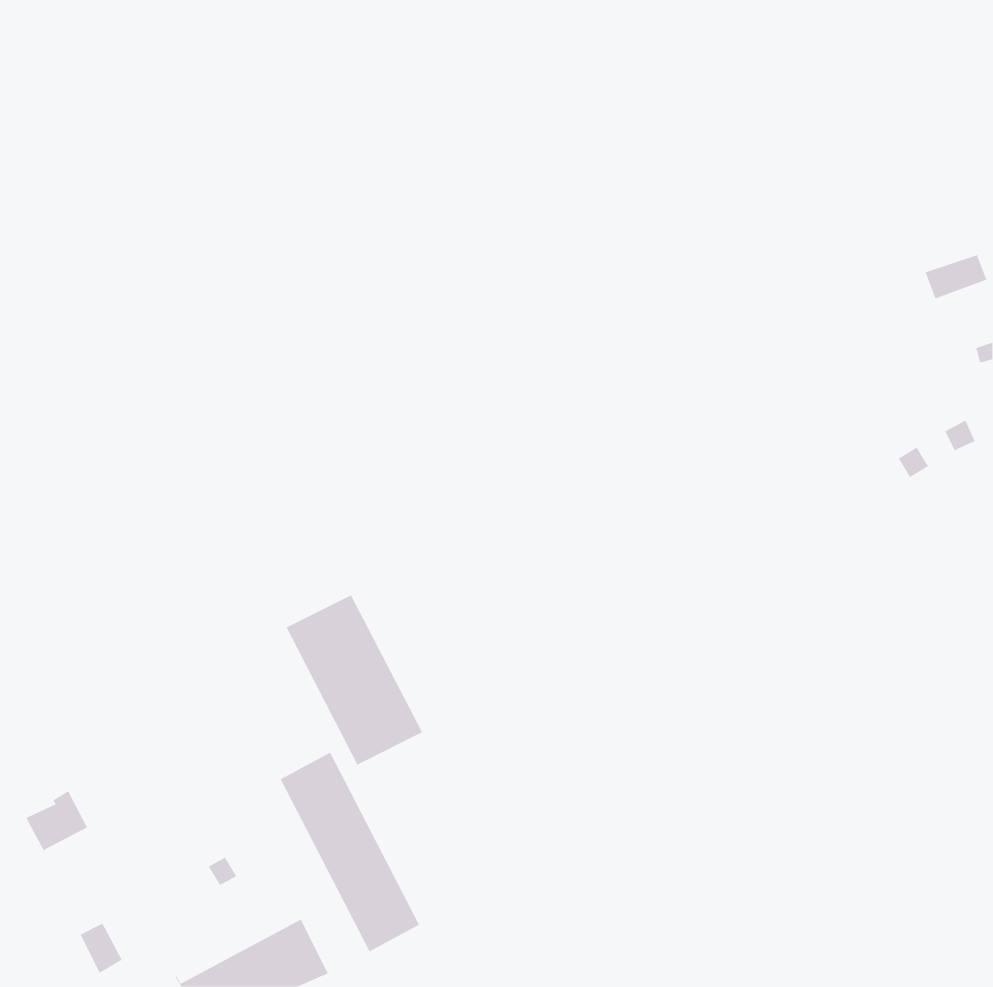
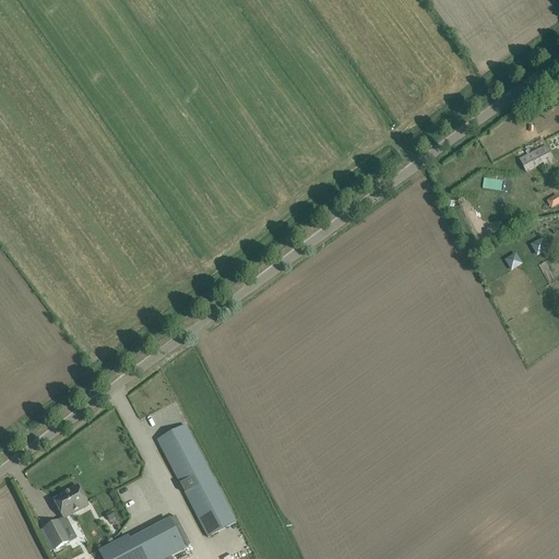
building: [286,594,423,765] -> none
building: [26,791,88,851] -> [53,483,88,516]

